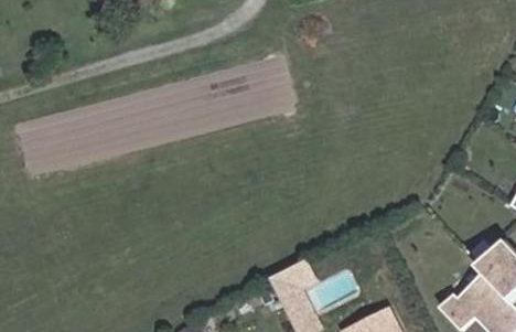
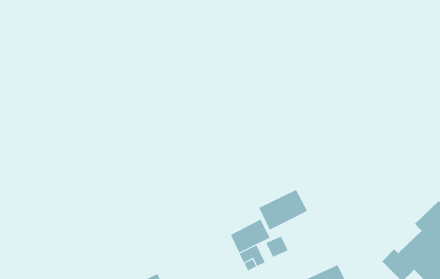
building: none -> [258,189,308,230]

